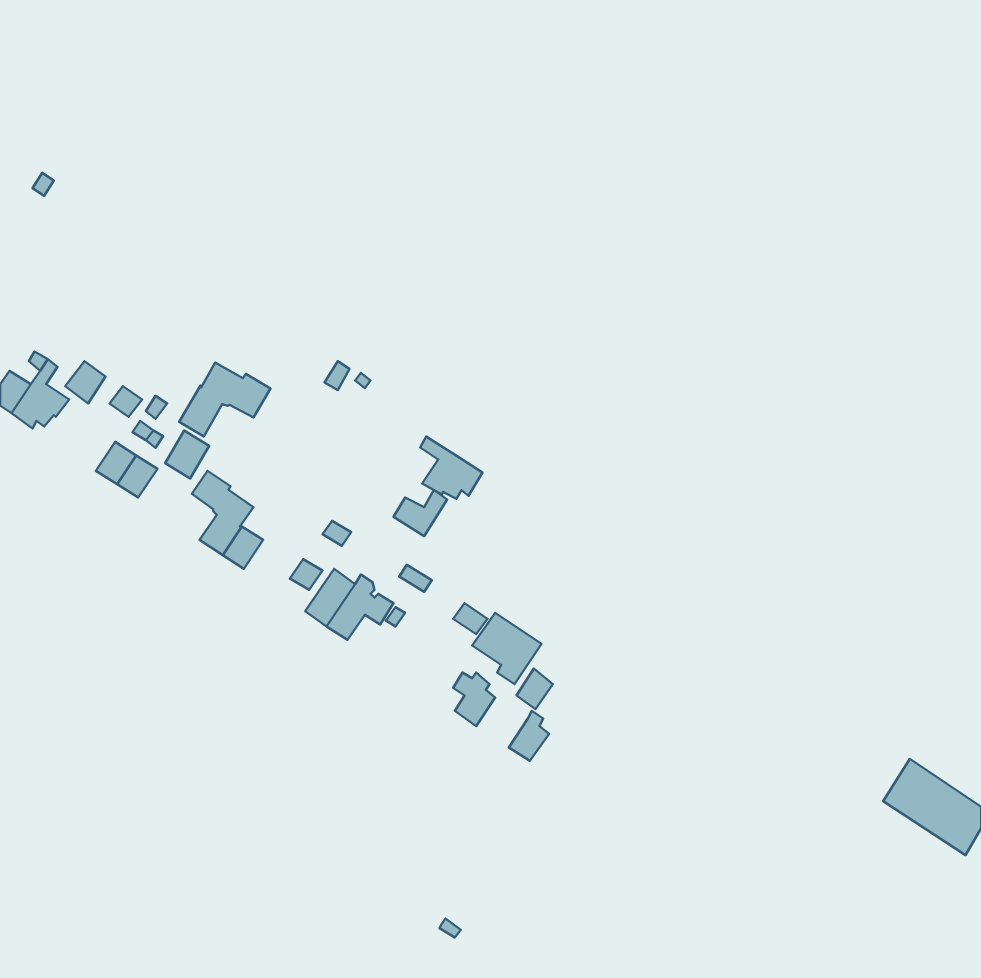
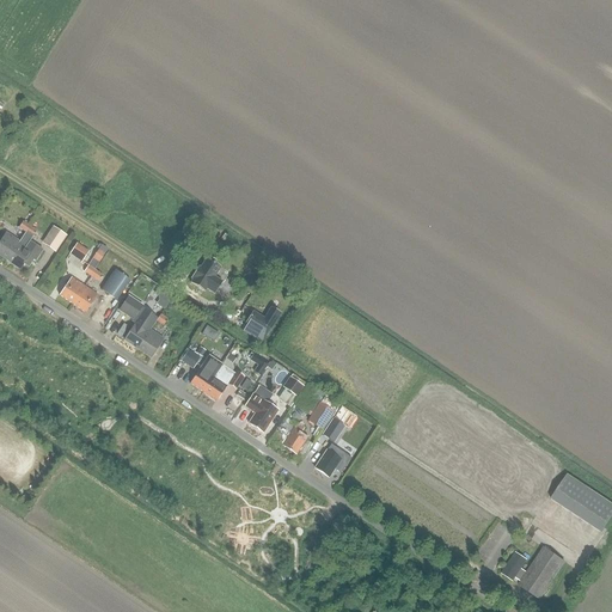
building: [179,363,271,436] -> none
building: none -> [190,256,222,293]
building: [420,436,482,499] -> none
building: none -> [245,384,277,429]
building: none -> [501,546,564,599]

